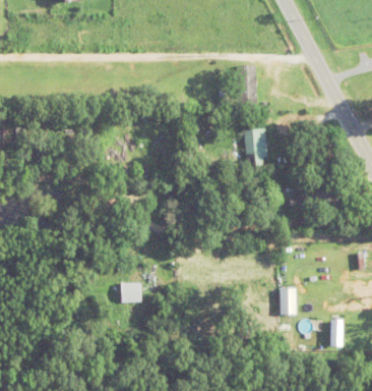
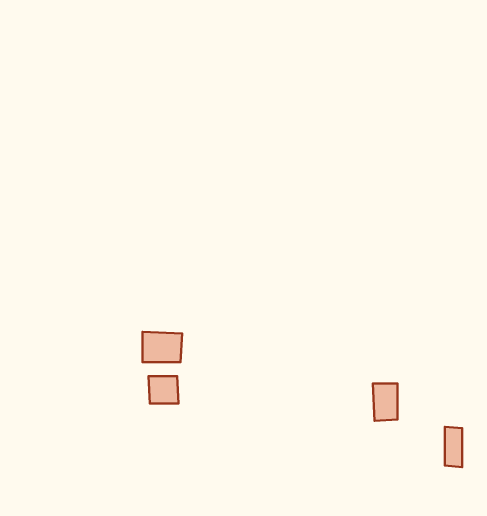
building: [244,128,269,166] -> none
building: none -> [142,332,182,362]

